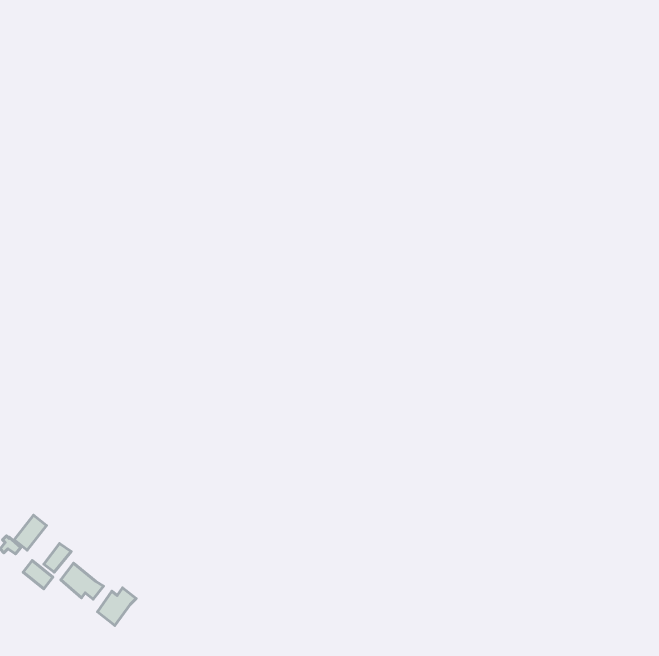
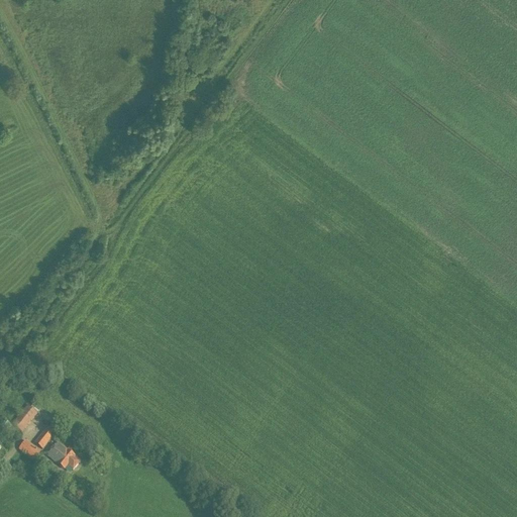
building: [98,588,136,626] -> none

